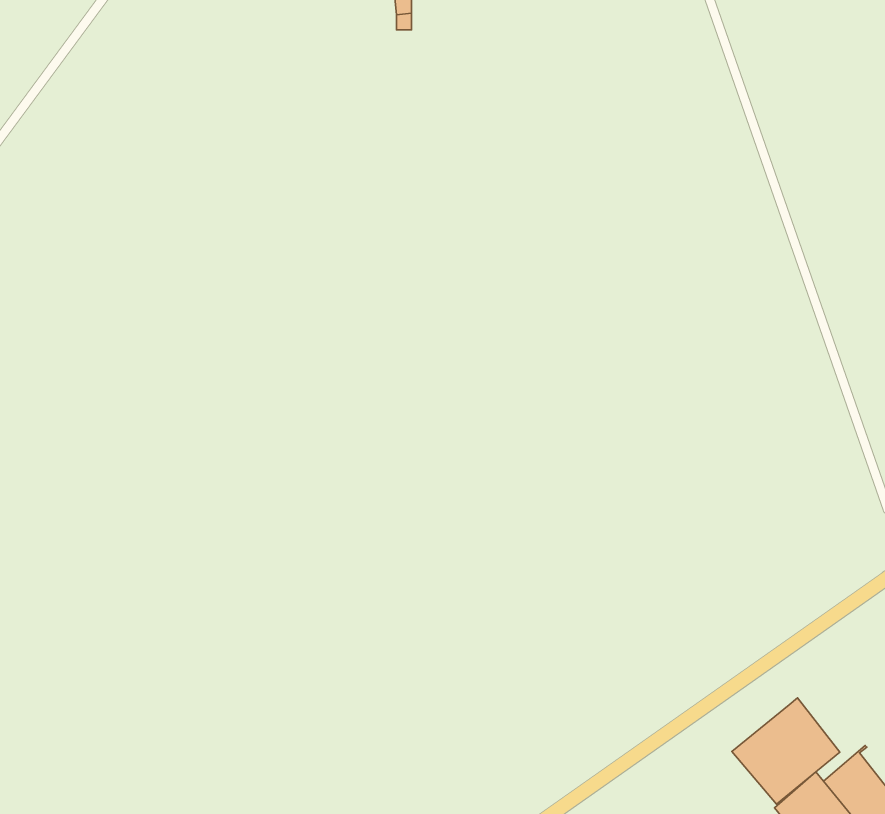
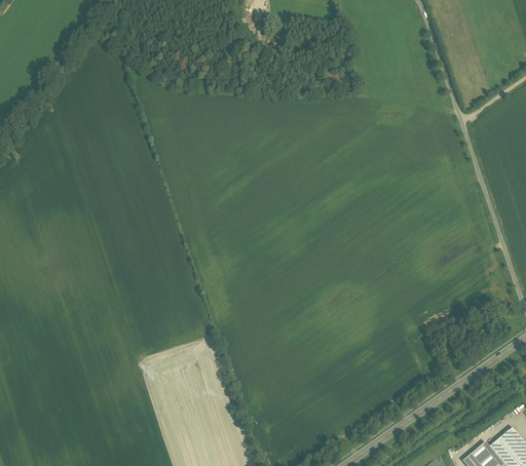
building: [732,698,840,804] -> none

